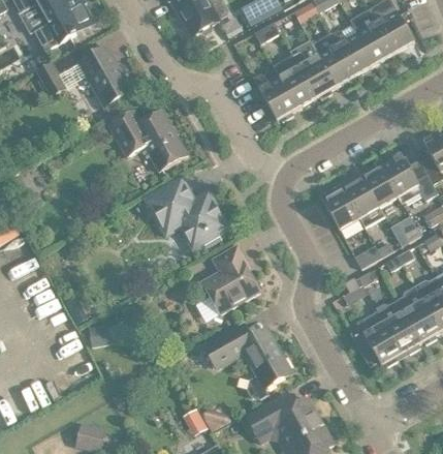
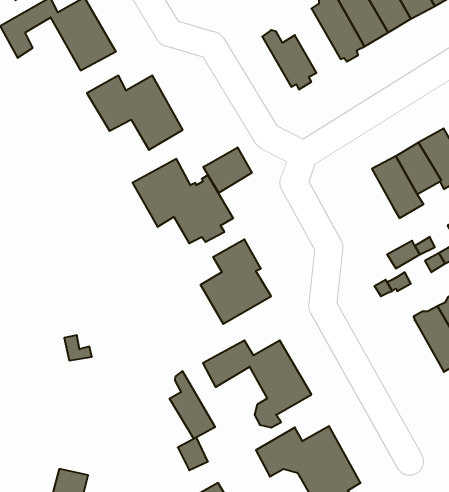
building: [273,55,316,108] -> none
building: none -> [203,147,252,193]
building: [321,183,359,230] -> none
building: [356,310,401,366] -> none
building: none -> [170,371,215,439]

